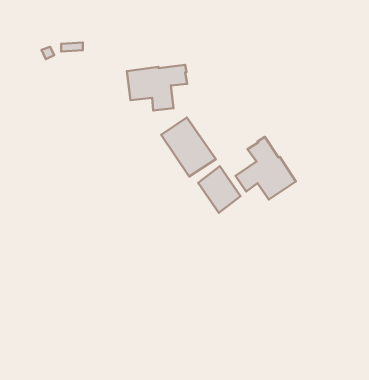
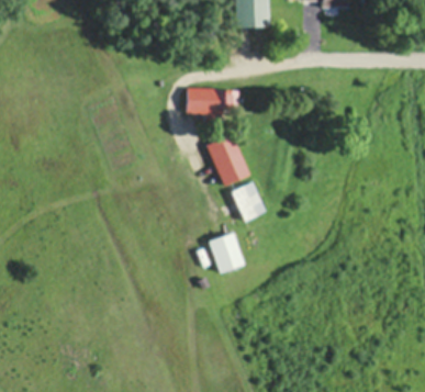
building: [235,137,296,200] -> none
building: none -> [209,232,245,272]

